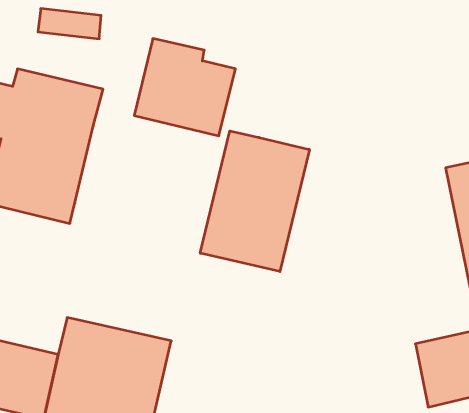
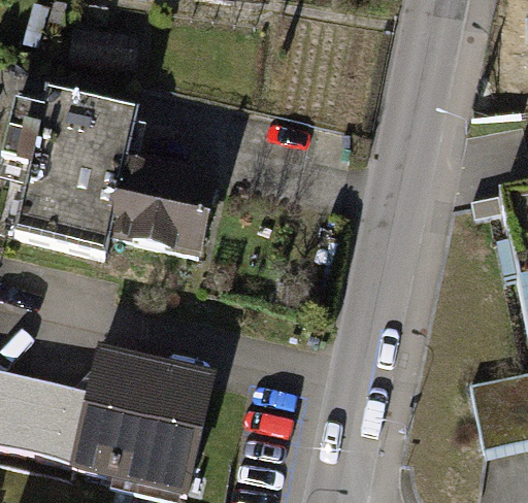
building: [134,39,235,136] -> [108,153,216,256]
building: [200,131,309,272] -> none

